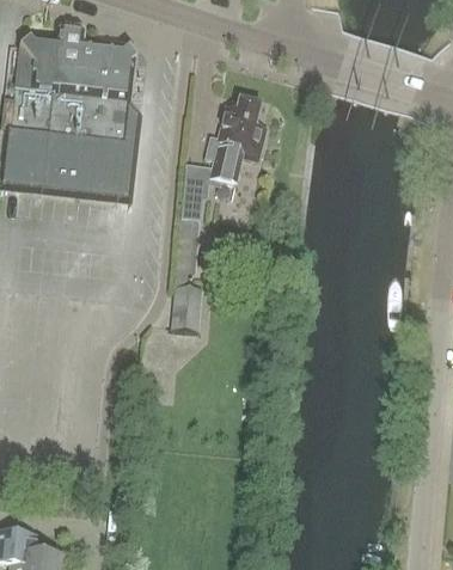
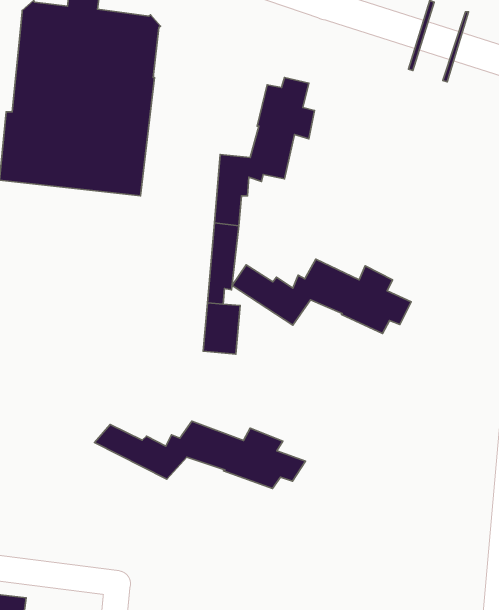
building: none -> [232,259,411,333]
building: none -> [94,421,305,489]

